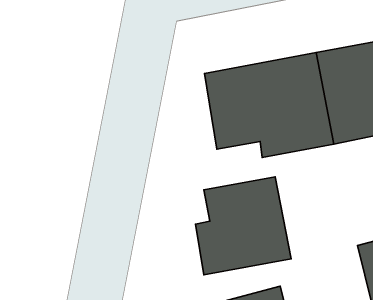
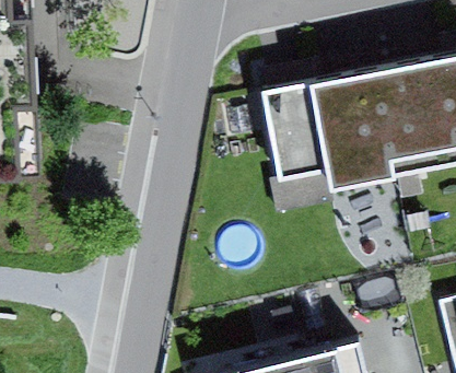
building: [195,177,291,275] -> none

